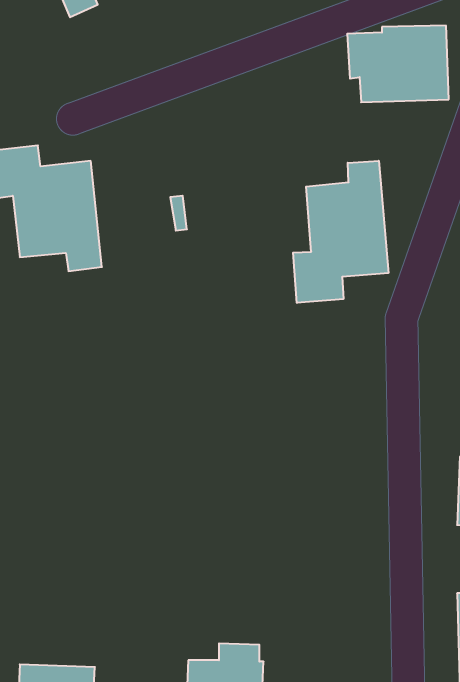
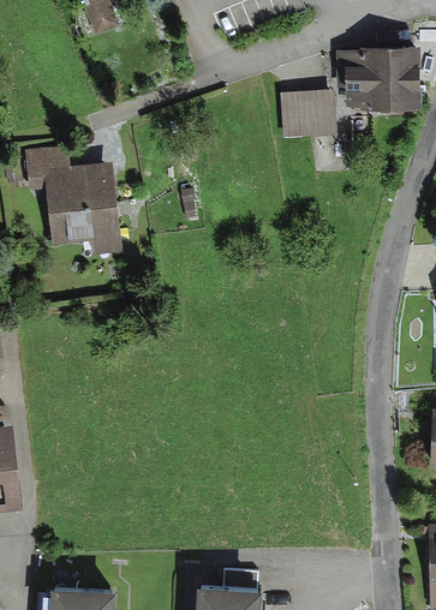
building: none -> [280,89,336,138]
building: [293,161,388,303] -> none

